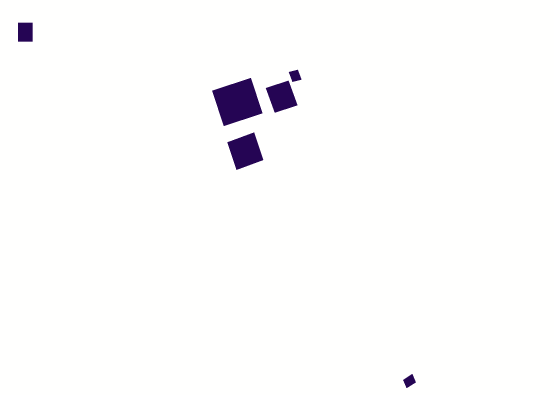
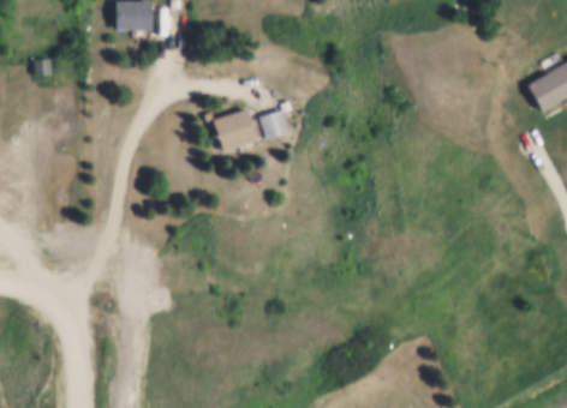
building: [227,132,264,171] -> none

